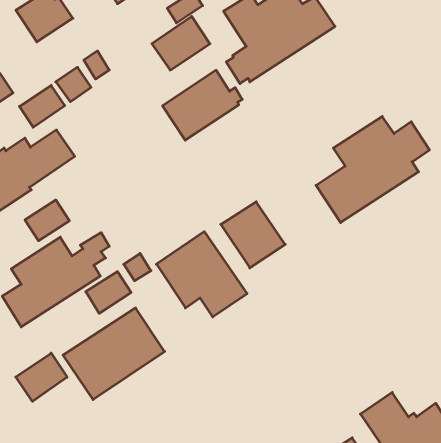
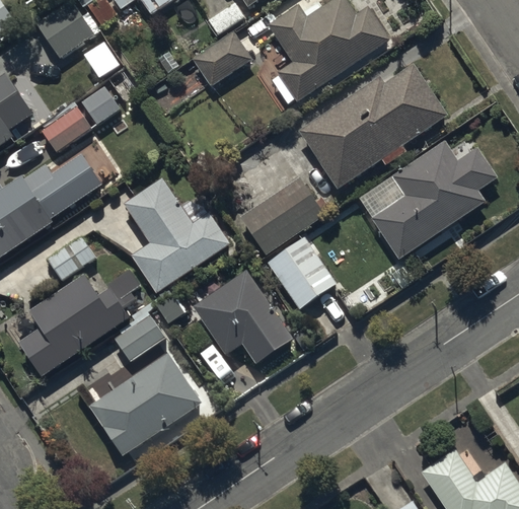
building: none -> [298,64,448,189]
building: [163,70,242,140] -> [240,176,329,254]
building: none -> [123,176,230,292]
building: [16,353,67,401] -> none

